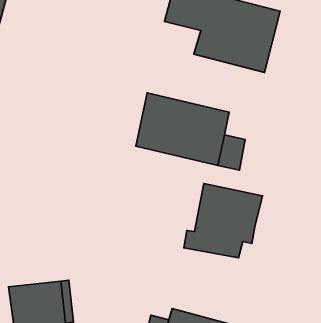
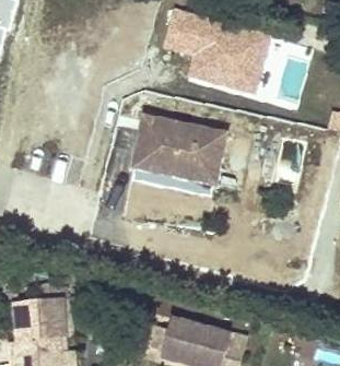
building: [184,183,262,258] -> none

